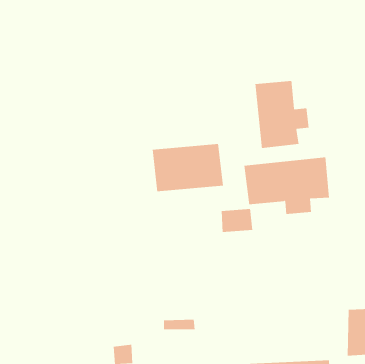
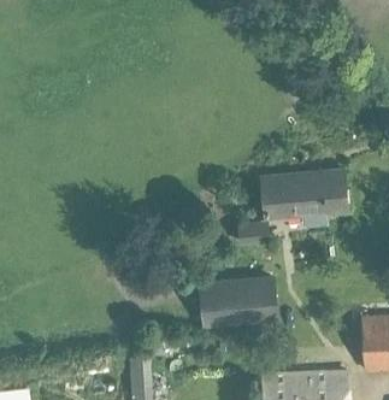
building: [255,80,309,149] -> none
building: [152,144,224,192] -> [201,278,273,327]

